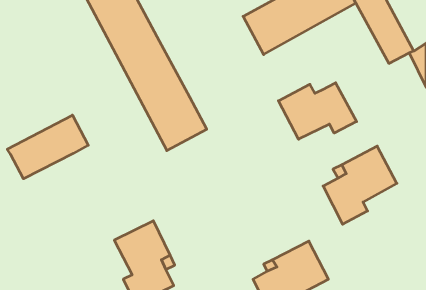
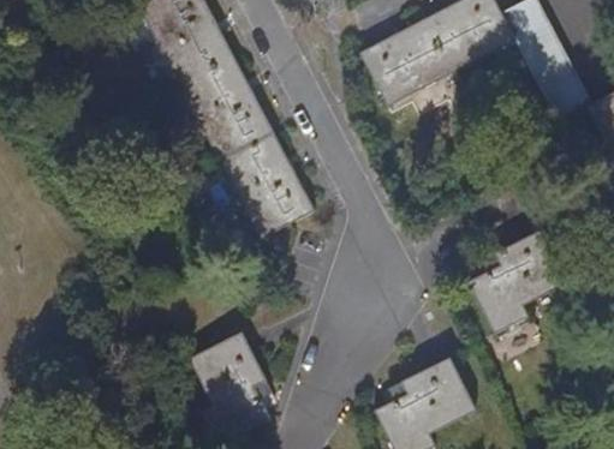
building: [278,83,357,139] -> none
building: [7,115,88,179] -> none

